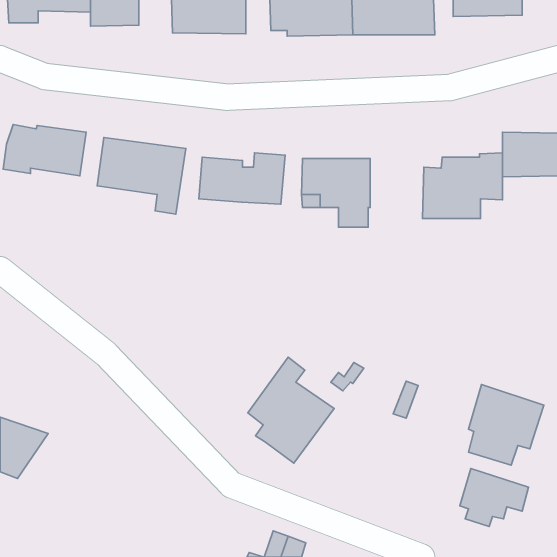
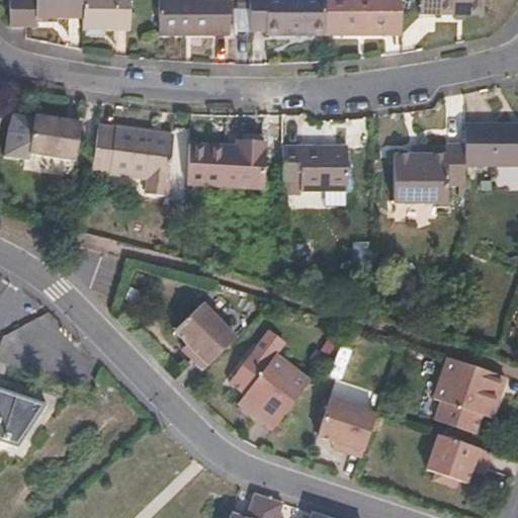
building: none -> [173,304,236,371]
building: none -> [318,399,376,456]

